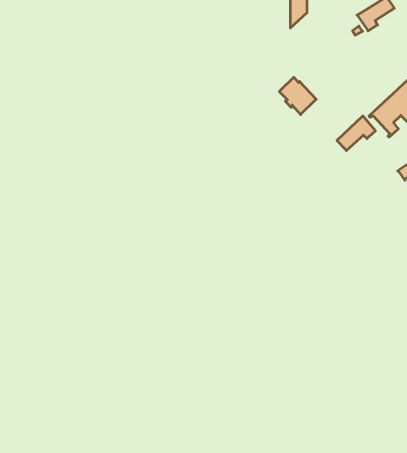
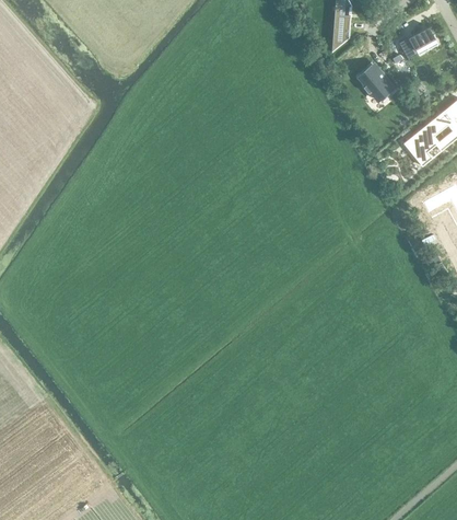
building: [279,77,316,115] -> [358,63,394,101]
building: [337,116,375,151] -> none

